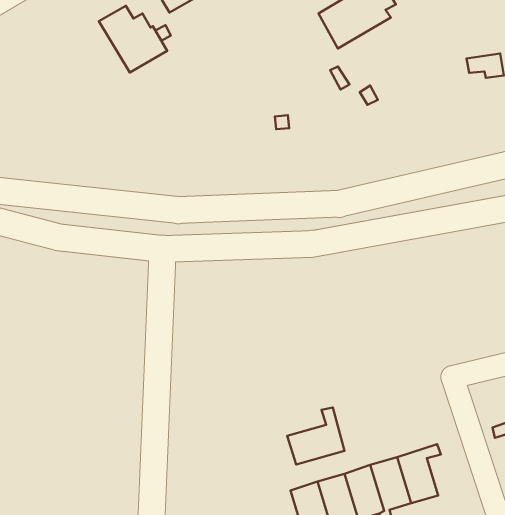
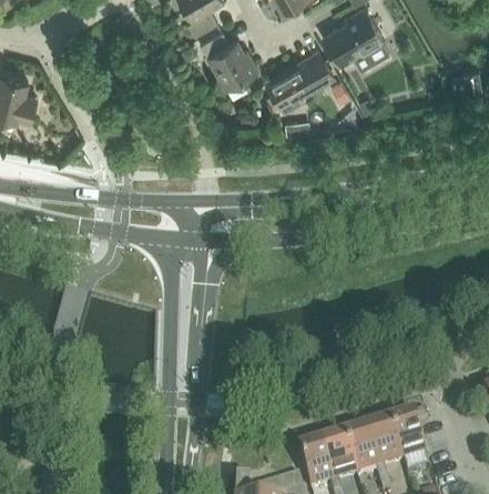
building: [99,6,167,73] -> [200,32,258,90]
building: none -> [265,53,334,112]
building: [287,407,344,464] -> none

